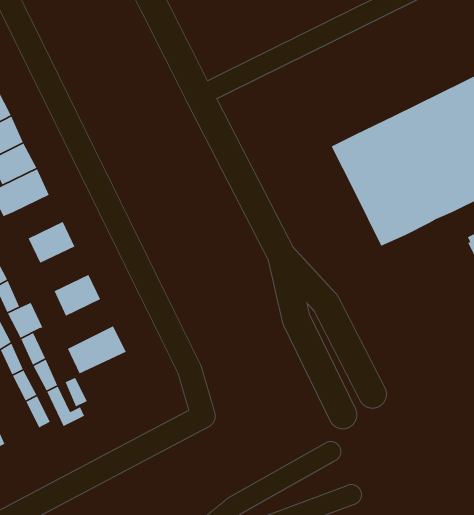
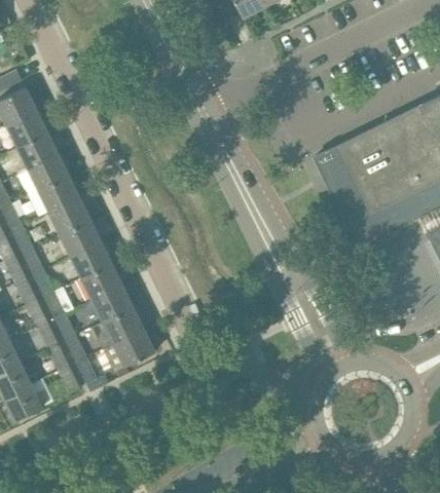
building: none -> [48,197,89,233]
building: none -> [70,240,111,277]
building: none -> [91,285,132,320]
building: none -> [103,329,153,377]

